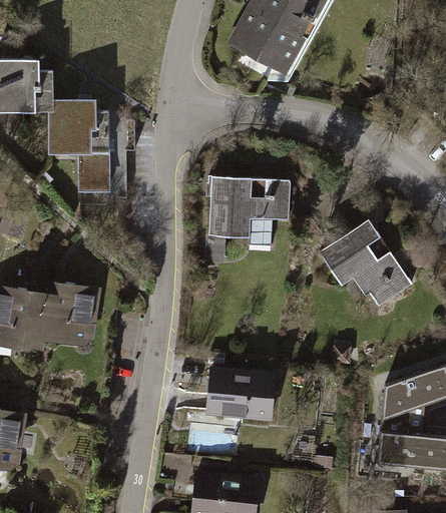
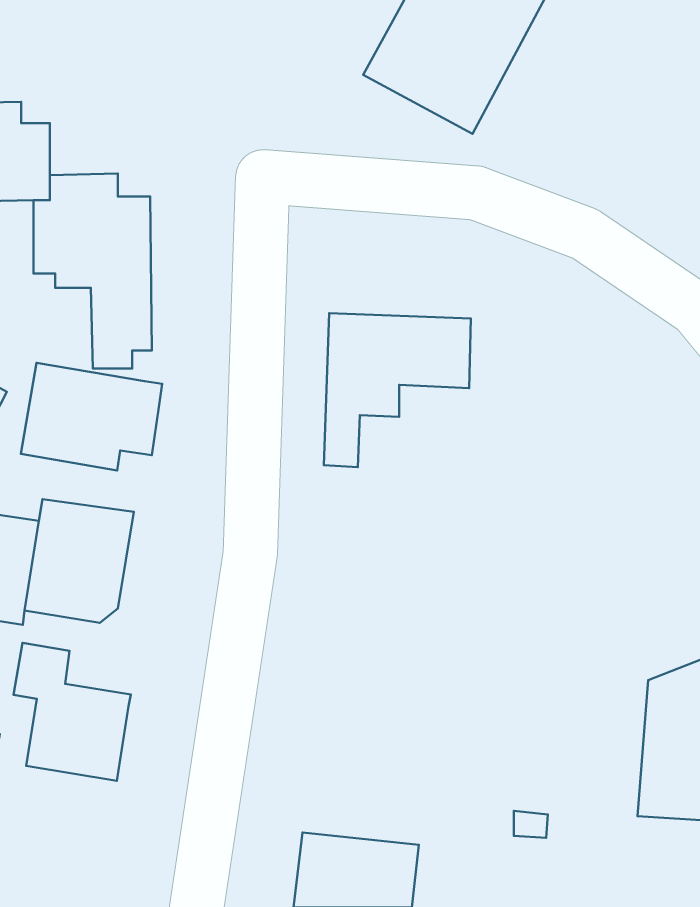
building: none -> [21,363,162,470]
building: [317,220,411,308] -> none
building: none -> [13,643,131,781]
building: [208,368,276,422] -> none

